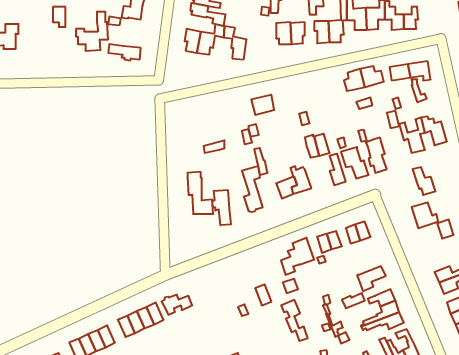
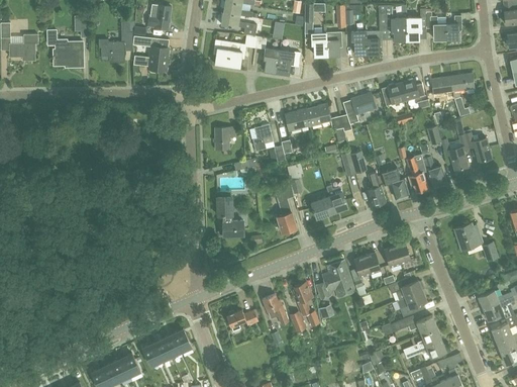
building: none -> [47,29,83,67]
building: none -> [133,36,169,60]
building: none -> [277,51,301,74]
building: none -> [345,95,376,124]
building: none -> [306,104,330,125]
building: none -> [252,124,274,152]
building: none -> [214,127,235,150]
building: [413,167,436,195] -> [422,157,446,186]
building: [212,190,231,225] -> none
building: none -> [389,276,424,300]
building: none -> [263,294,289,324]
building: [162,295,192,315] -> [226,309,258,330]
building: [281,300,308,341] -> [292,282,320,325]

